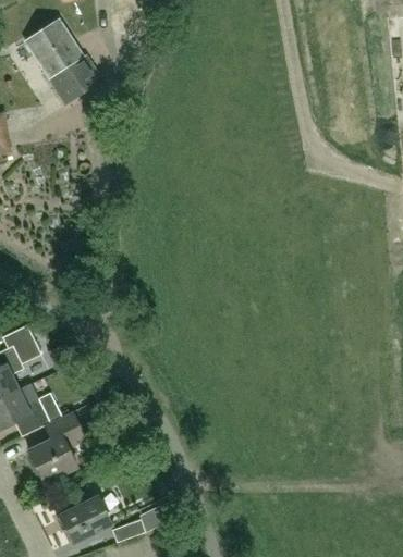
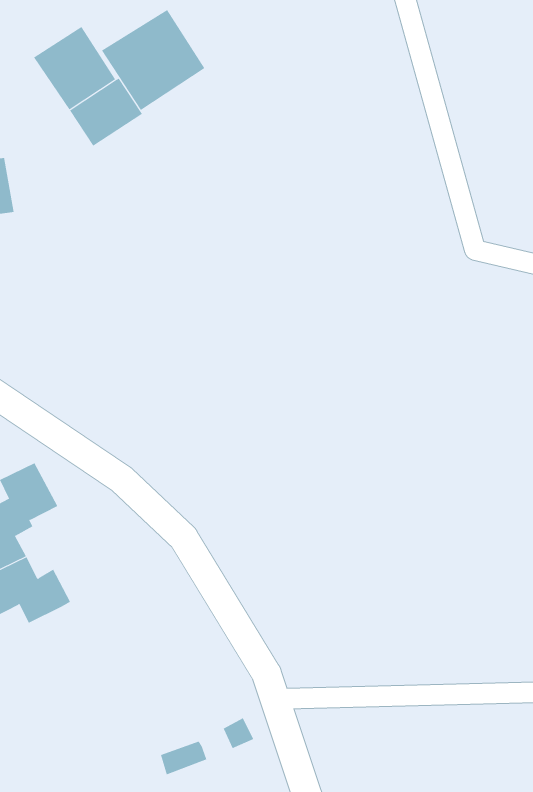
building: none -> [101,9,205,111]
building: [28,409,87,482] -> none
building: [60,495,110,541] -> none

